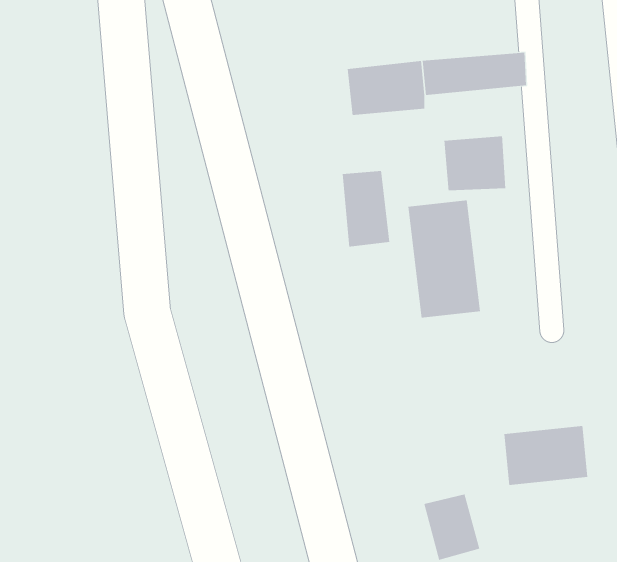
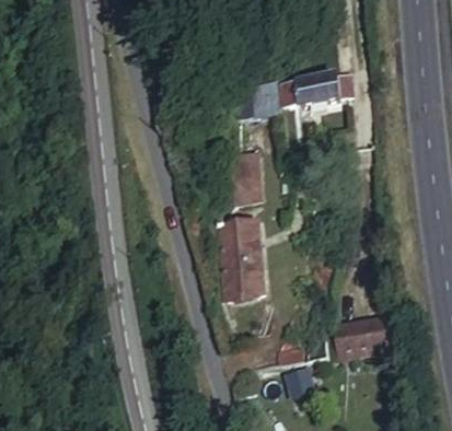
building: [444,135,506,191] -> none
building: [408,200,481,318] -> [218,221,266,299]

